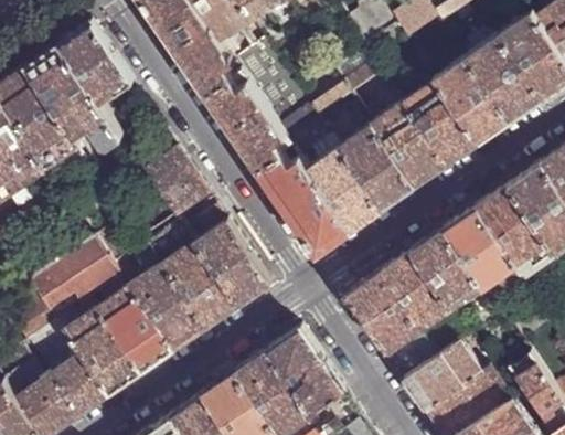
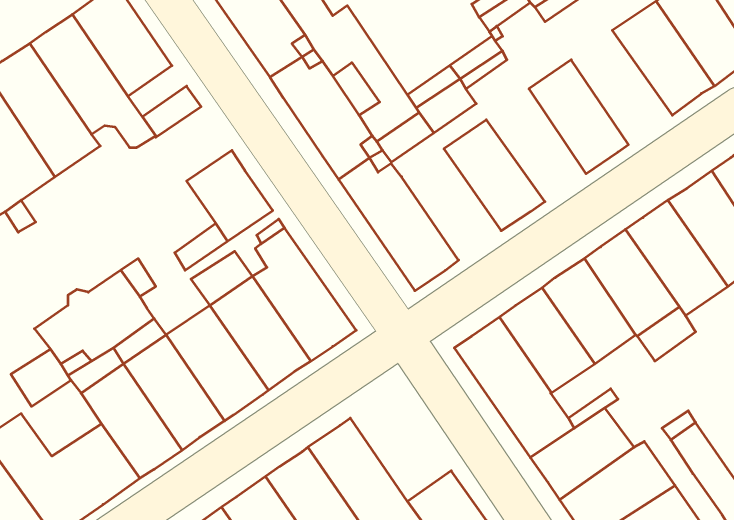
building: [430,60,508,146] -> none
building: [367,104,443,189] -> none
building: [303,149,379,233] -> none
building: [265,330,341,415] -> none

